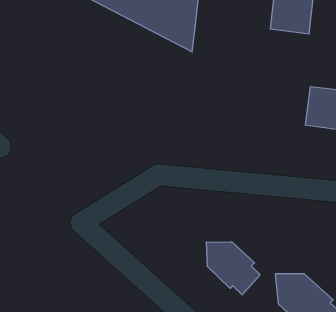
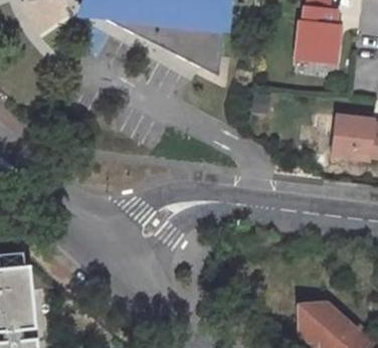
building: [206,242,260,295] -> none

